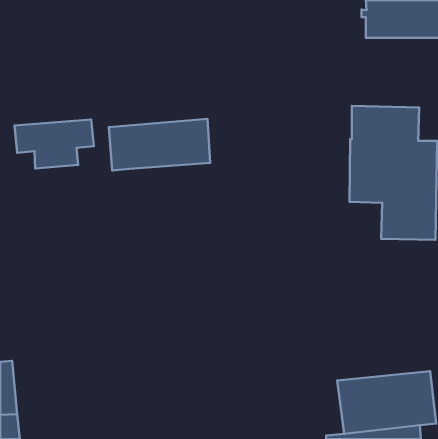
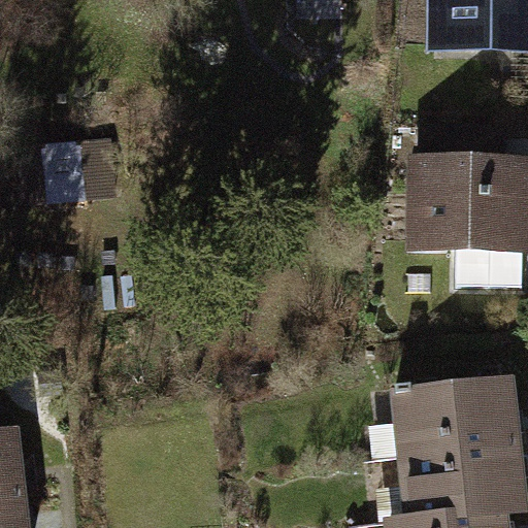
building: [109,119,210,170] -> none
building: none -> [399,382,518,457]

